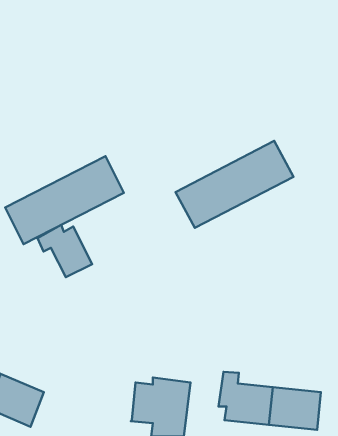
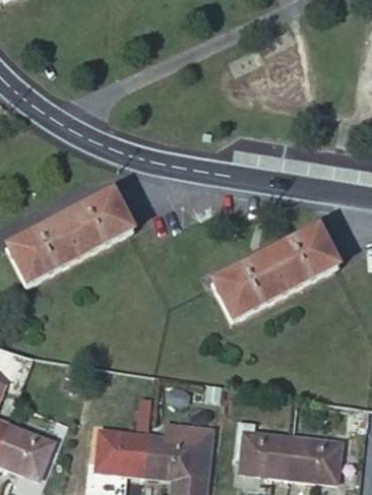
building: [176,141,293,228] -> [213,228,337,319]
building: [37,225,92,277] -> none
building: none -> [82,416,145,471]

